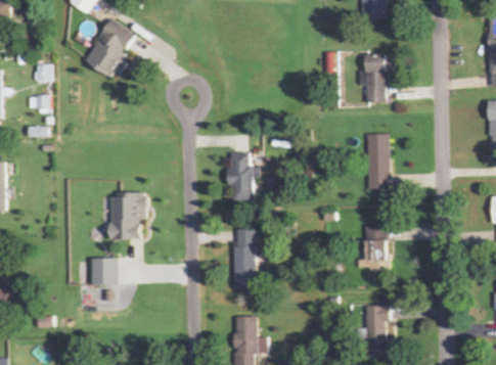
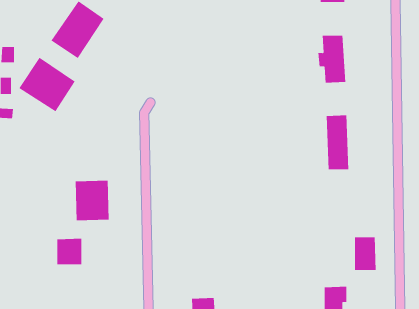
building: none -> [18,57,76,112]
building: [224,152,259,200] -> none
building: [362,226,385,260] -> [354,237,377,270]
building: [232,228,254,288] -> none

